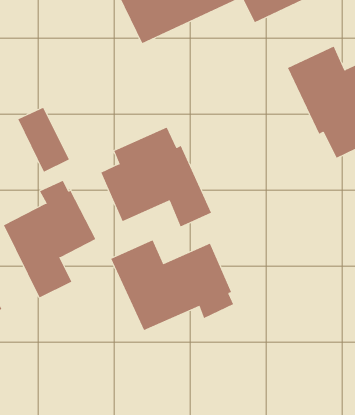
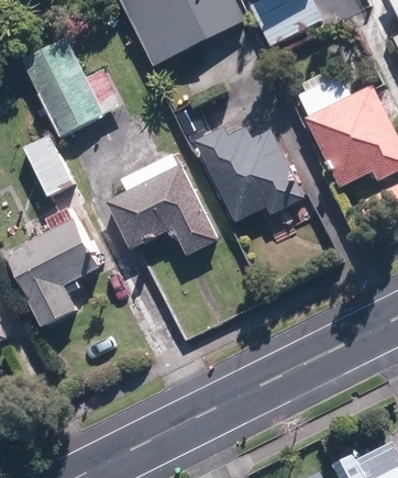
building: none -> [19,36,120,137]
building: none -> [196,125,306,223]
building: [111,240,234,331] -> none

